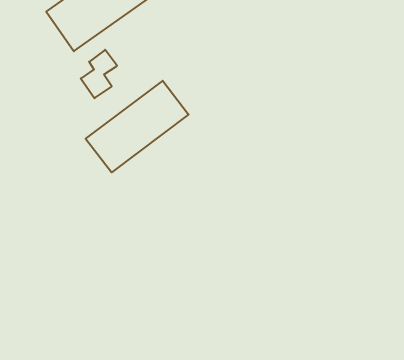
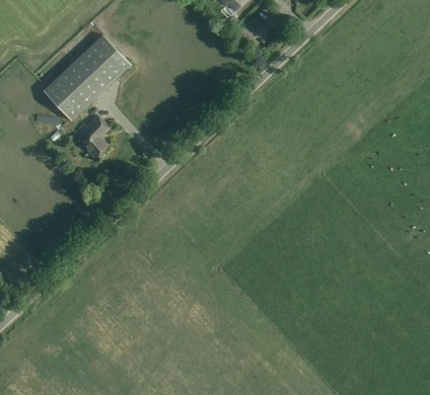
building: [86,81,189,172] -> none

